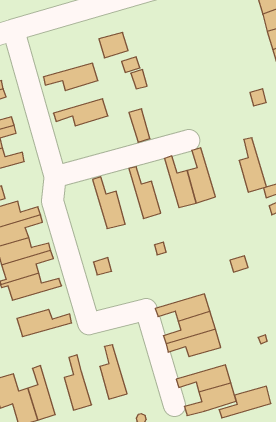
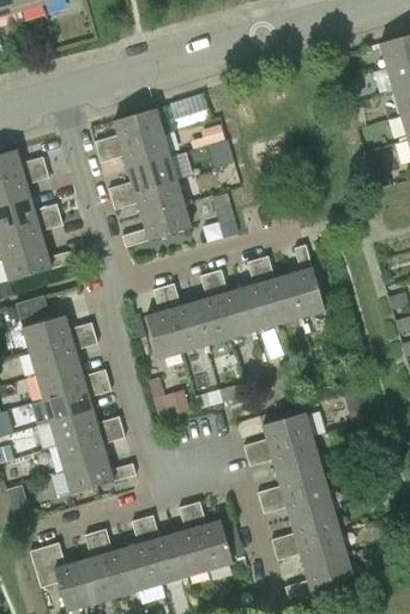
building: none -> [95,108,163,151]
building: none -> [108,156,176,199]
building: none -> [122,203,191,247]
building: [239,138,266,192] -> [241,259,277,331]
building: none -> [194,272,230,345]
building: none -> [145,287,182,359]
building: none -> [242,413,310,457]
building: none -> [58,427,125,470]
building: none -> [189,501,233,570]
building: none -> [143,516,185,584]
building: none -> [95,529,138,597]
building: [219,386,271,418] -> [270,508,338,550]

